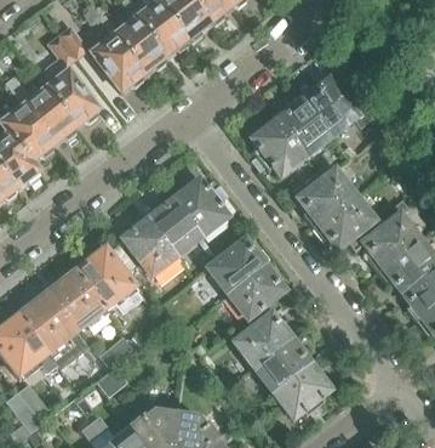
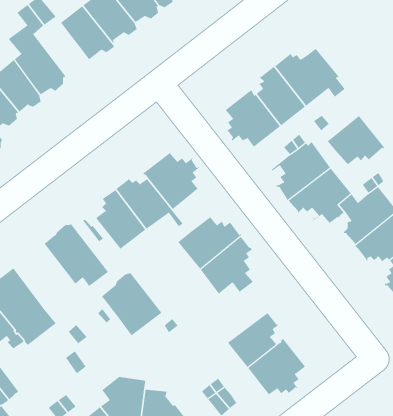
building: none -> [327,115,385,169]
building: [46,270,105,331] -> [101,273,162,336]
building: [234,307,293,365] -> none

